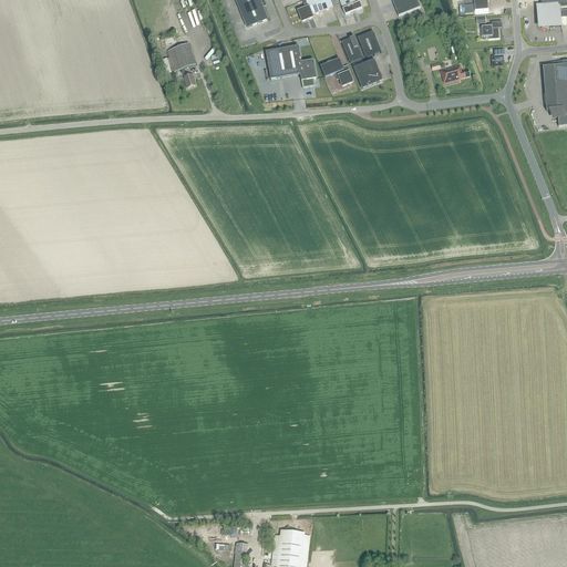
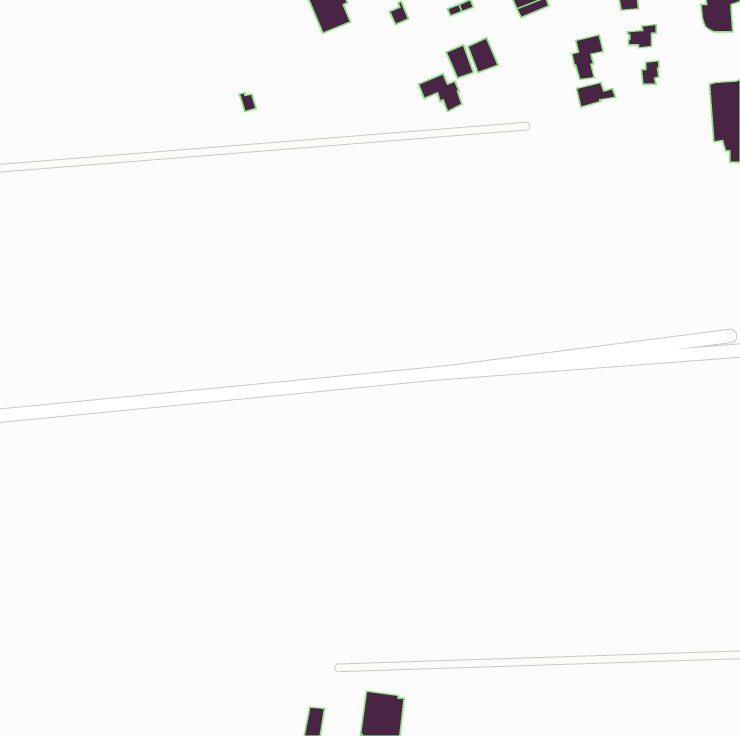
building: none -> [572,35,603,79]
building: [167,41,195,70] -> none
building: [266,44,317,85] -> none
building: [353,58,382,86] -> none

